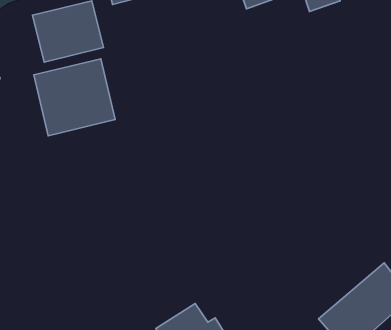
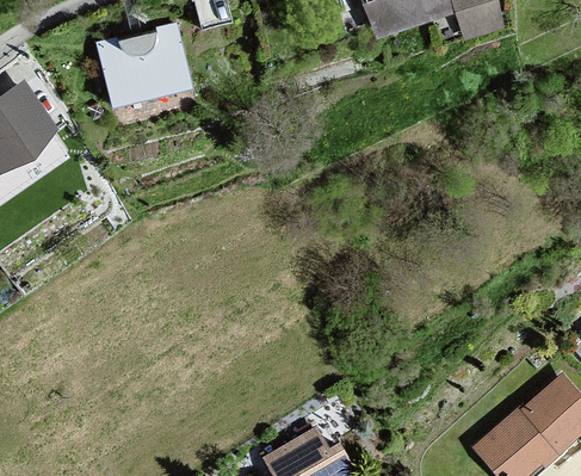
building: [34,59,115,136] -> none

